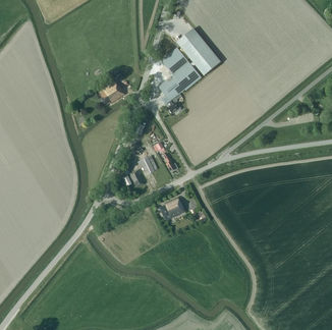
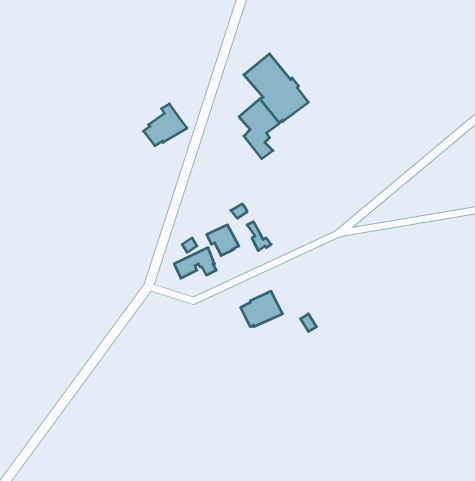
building: [176,28,220,75] -> none

